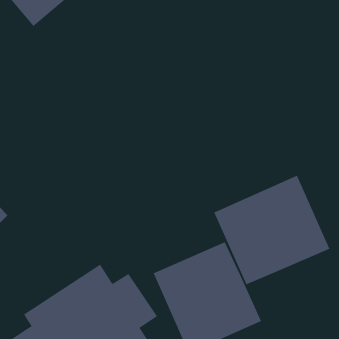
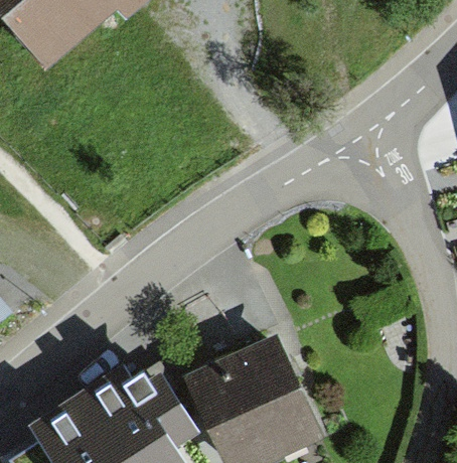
building: [213,175,330,285] -> none

